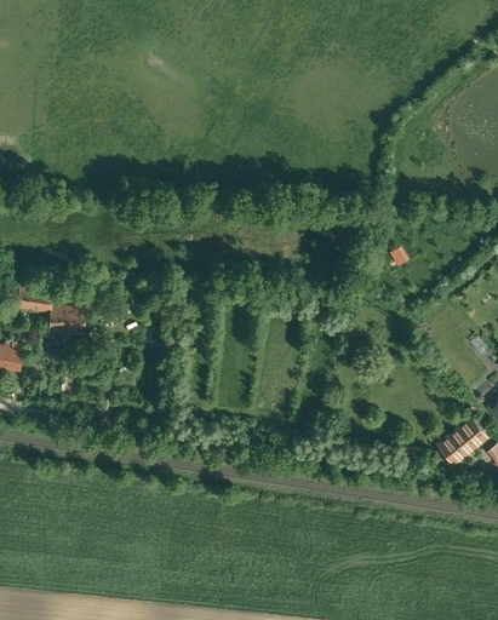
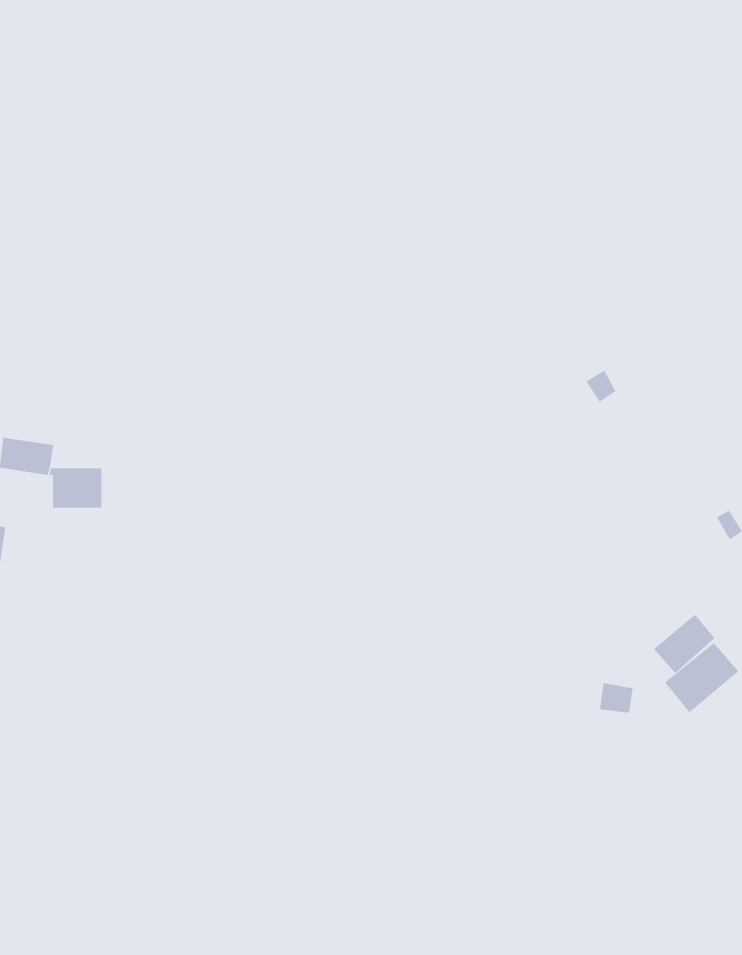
building: none -> [653,614,715,674]

